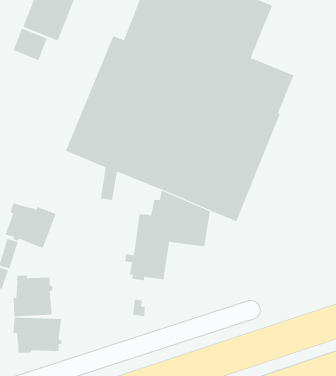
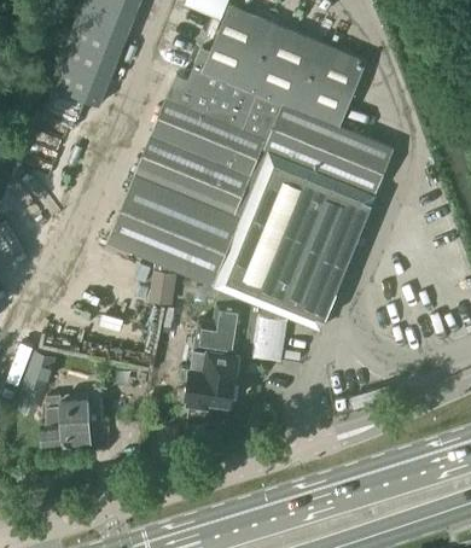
building: [5,202,57,249] -> none
building: [13,317,63,353] -> none

